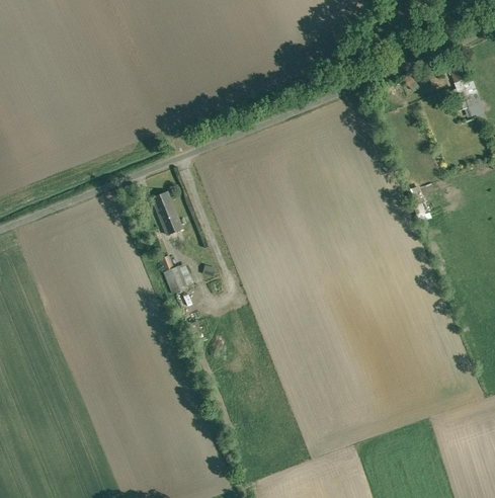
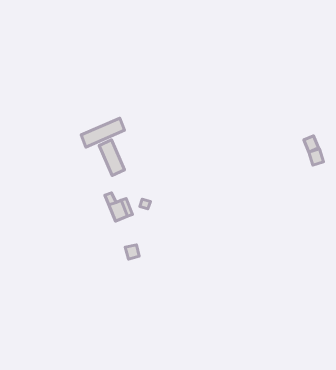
building: none -> [81,118,125,147]

